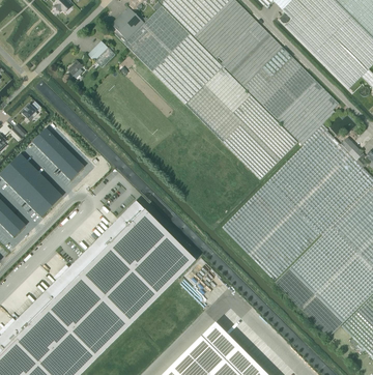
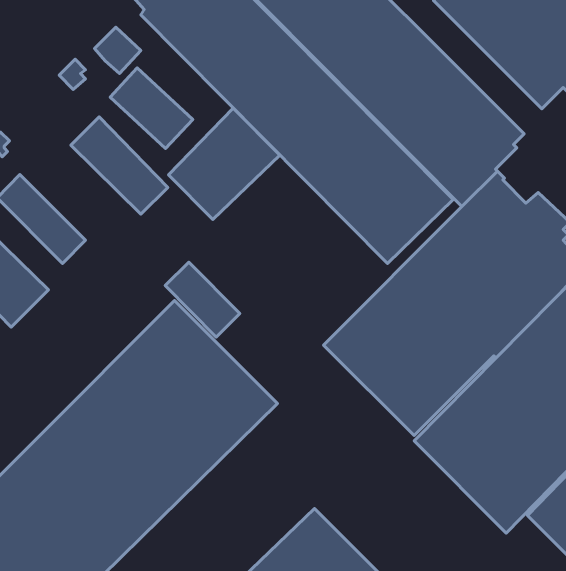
building: none -> [110,68,193,149]
building: none -> [168,108,280,219]
building: none -> [71,117,168,214]
building: none -> [165,262,240,337]

